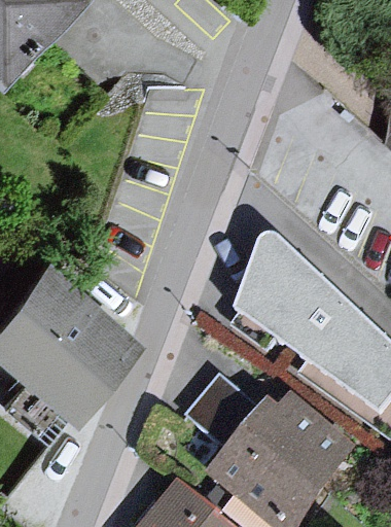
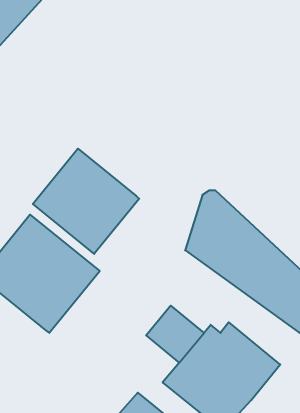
building: none -> [33,149,139,254]

